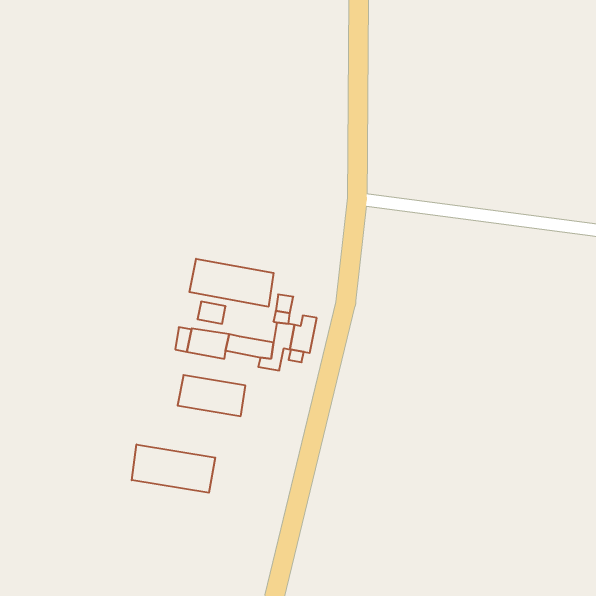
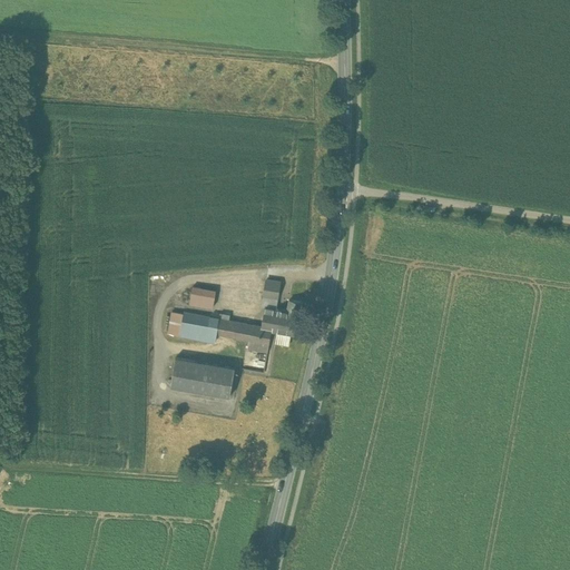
building: [189,259,274,307] -> none
building: [132,444,215,493] -> none

